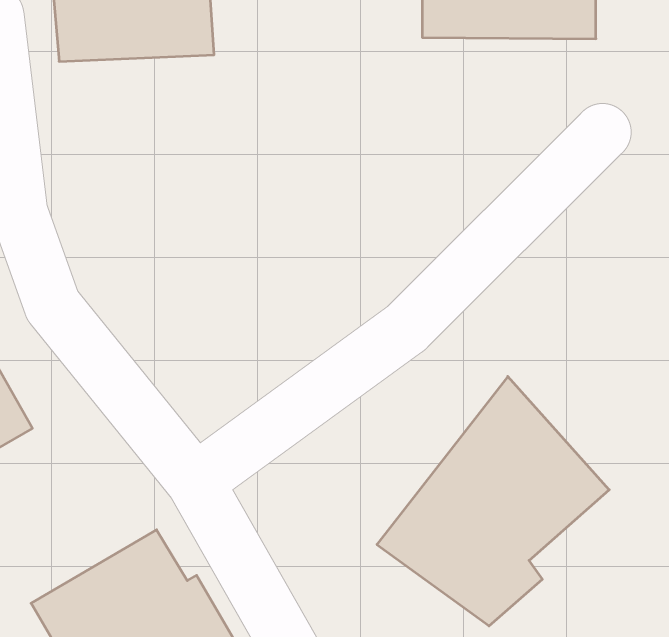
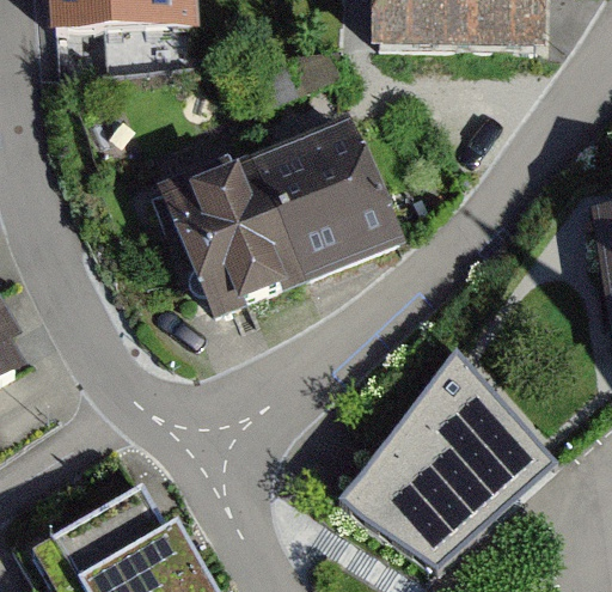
building: none -> [163,123,397,305]

